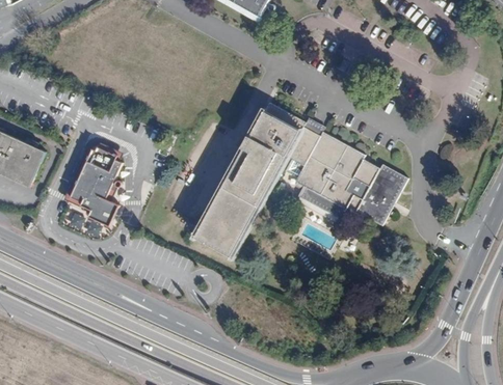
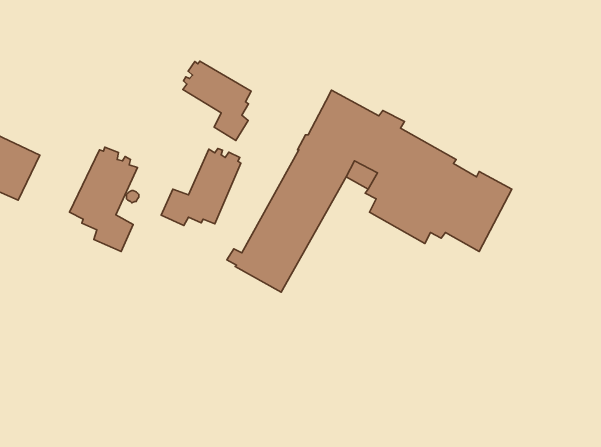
building: none -> [183,61,251,140]
building: none -> [161,148,241,225]

